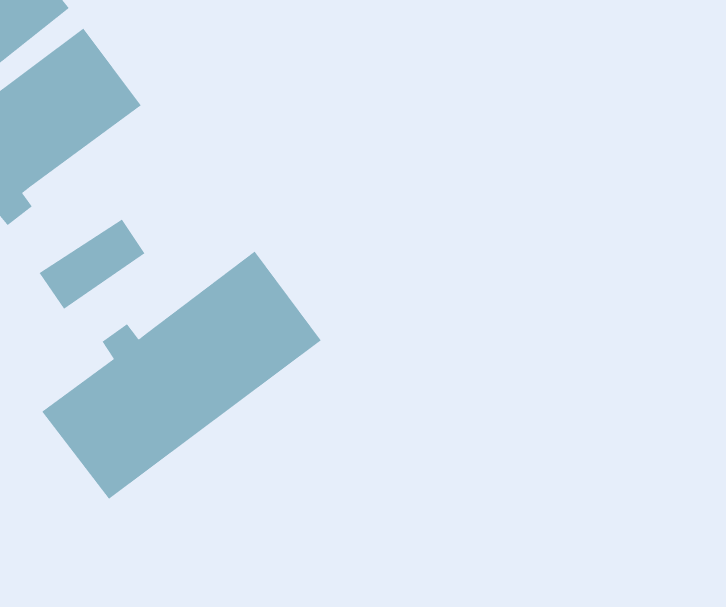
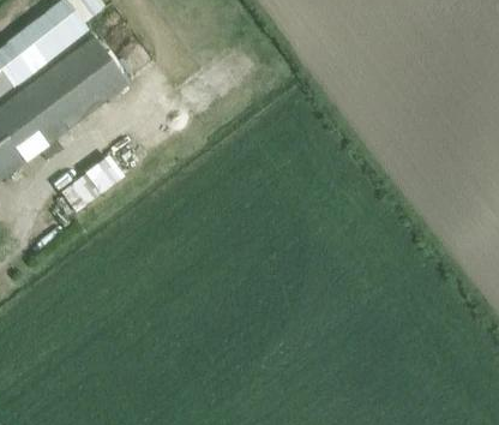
building: [41,250,322,500] -> none

